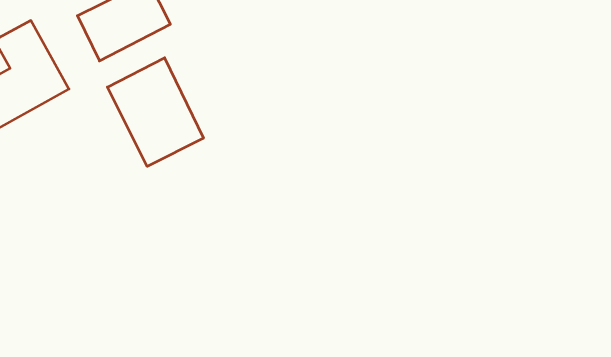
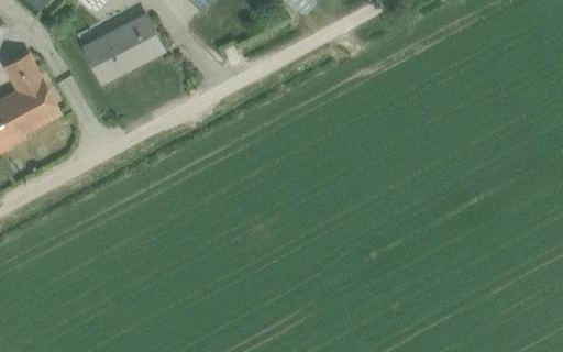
building: [107,58,203,166] -> none

